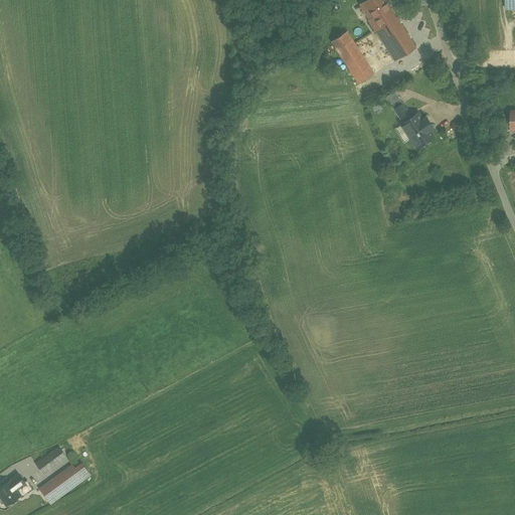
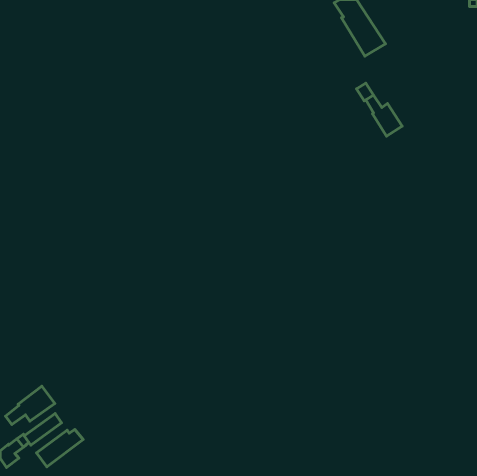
building: [331,30,374,82] -> none
building: none -> [6,386,55,424]

